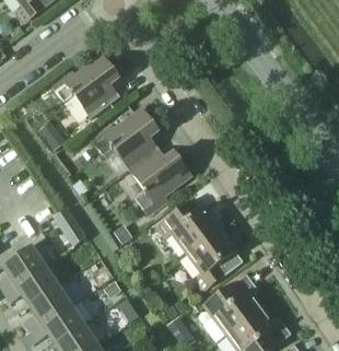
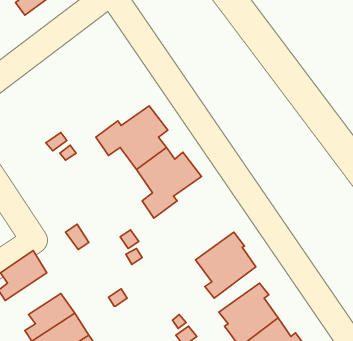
building: [52,55,119,116] -> none
building: [155,196,222,254] -> none
building: [7,266,59,305] -> none

